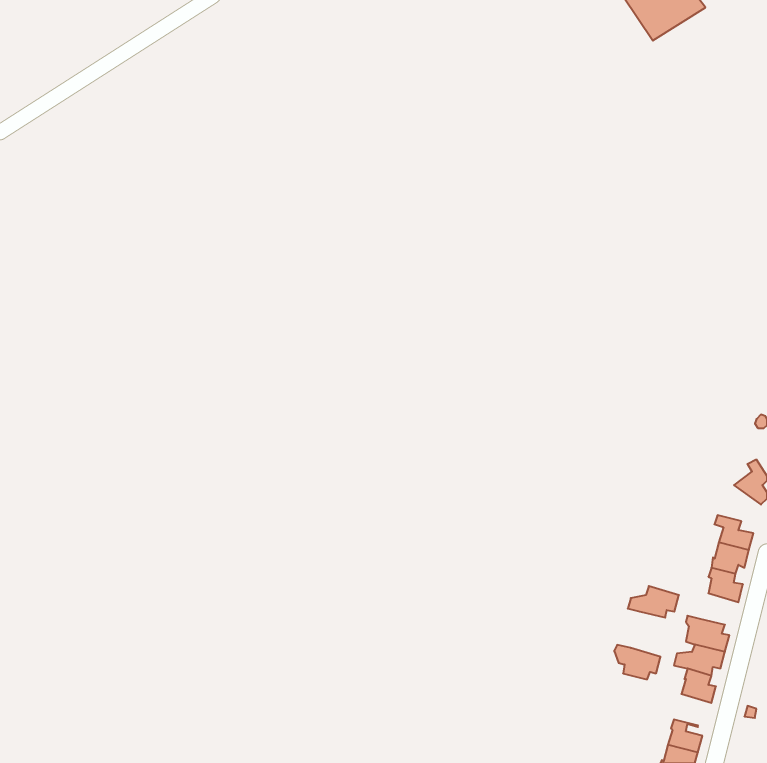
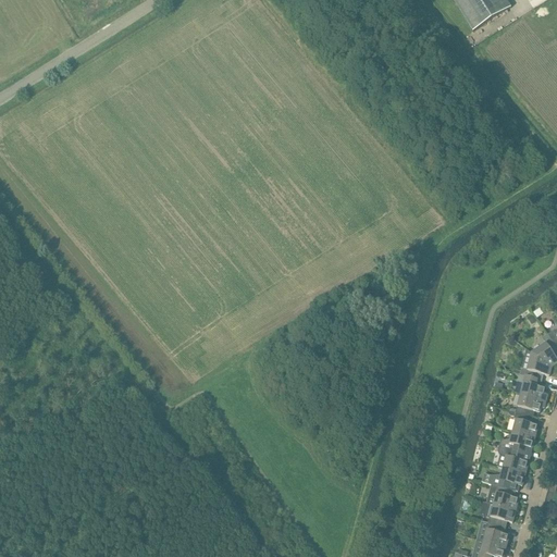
building: none -> [520,351,552,377]
building: [628,586,679,618] -> [498,430,535,453]
building: [614,645,661,679] -> [482,500,516,525]

